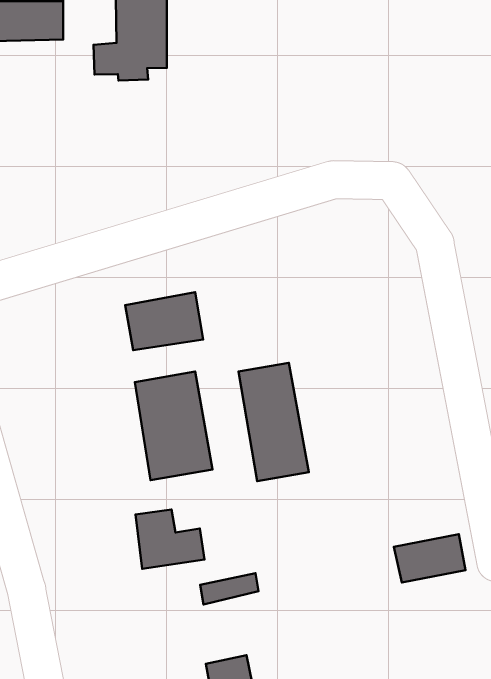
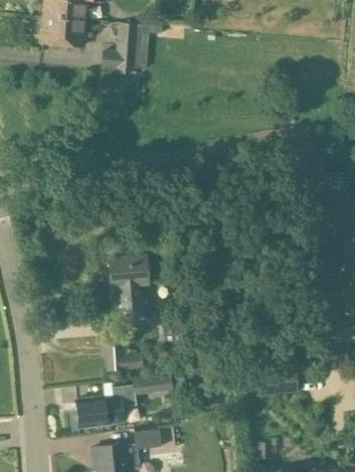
building: [125,292,203,350] -> none
building: [239,363,309,481] -> none
building: none -> [73,394,135,427]

